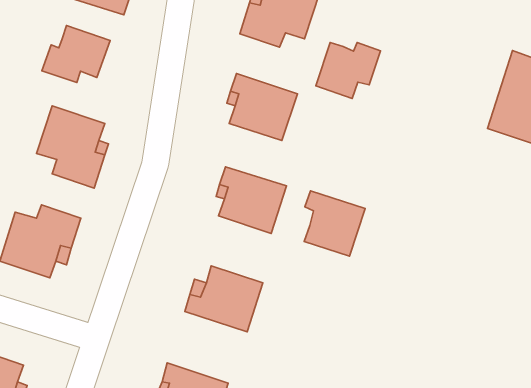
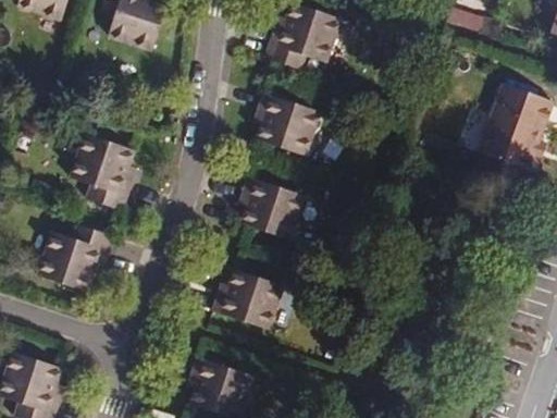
building: [42,26,110,82] -> none
building: [316,42,381,98] -> none
building: [304,191,365,256] -> none

